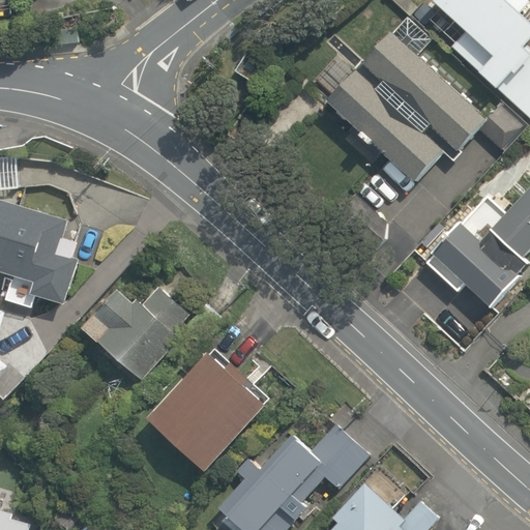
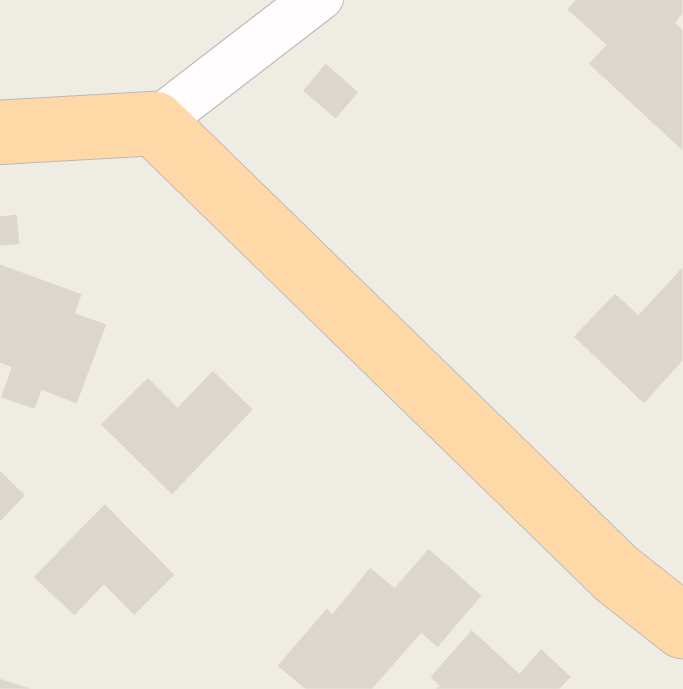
building: [337,35,501,198] -> none
building: [146,349,269,473] -> none
building: none -> [33,503,175,616]

